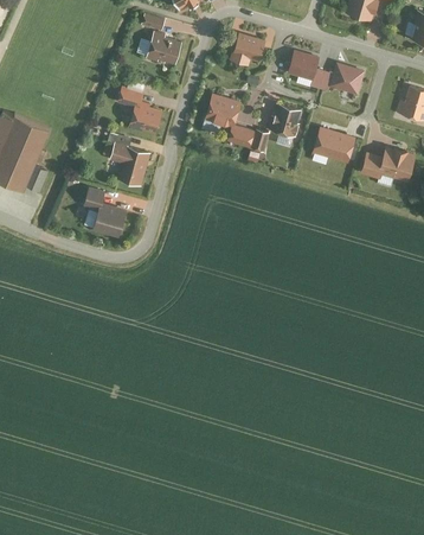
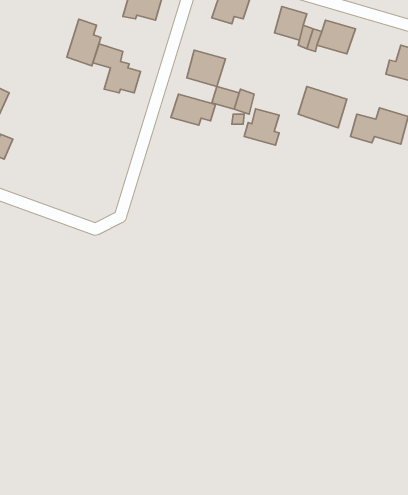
building: none -> [67,19,101,66]
building: [268,103,301,138] -> [244,109,279,145]
building: none -> [171,94,216,125]
building: [110,142,152,186] -> none
building: [84,186,127,236] -> none

